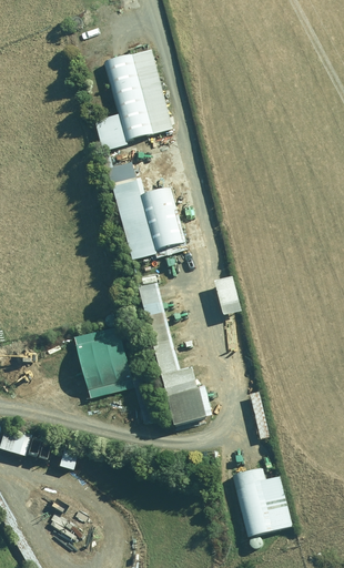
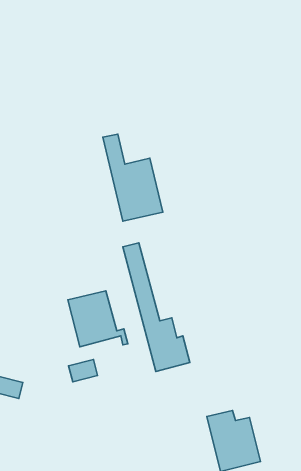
building: [94,49,172,146] -> none
building: [214,276,240,314] -> none
building: none -> [69,359,98,382]

